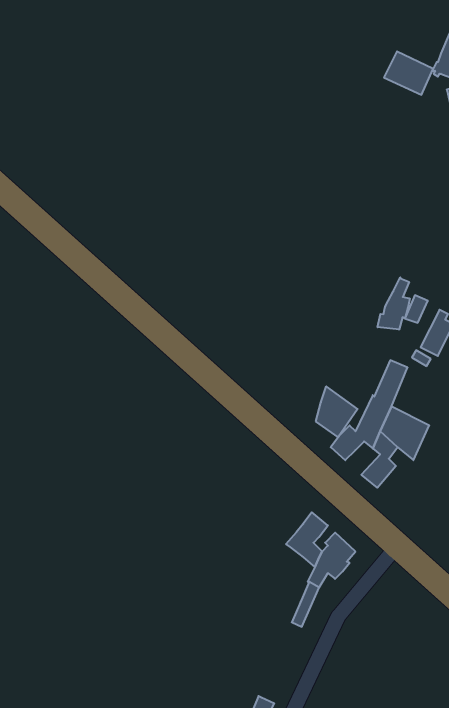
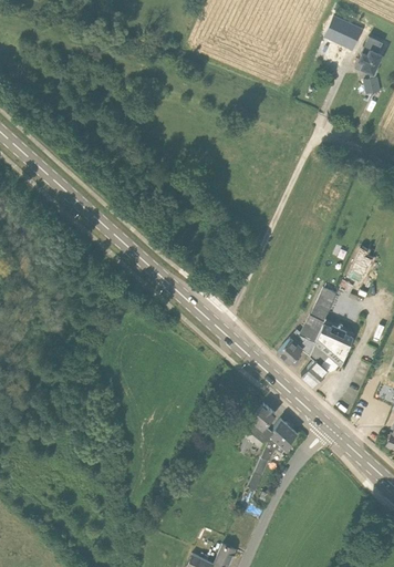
building: [384,51,433,95] -> [323,17,361,50]
building: [378,277,410,330] -> none
building: [316,386,358,437] -> none

